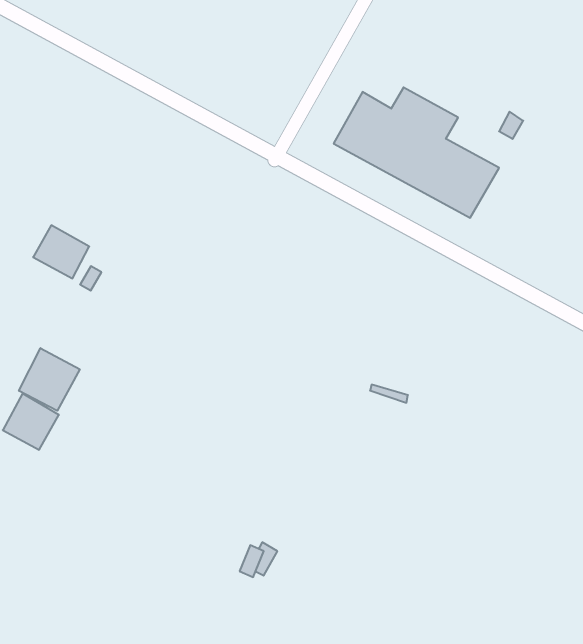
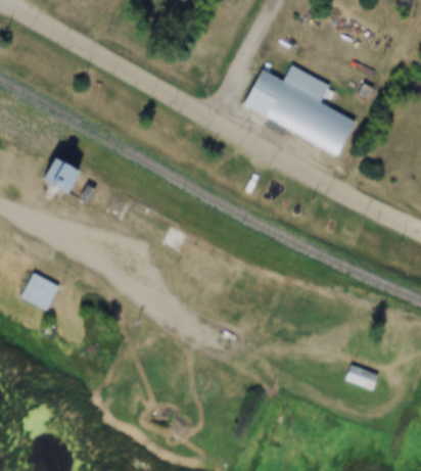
building: [19,348,80,411] -> none
building: none -> [344,365,378,391]

